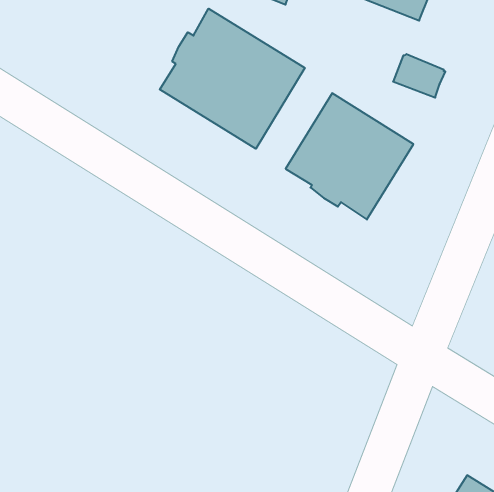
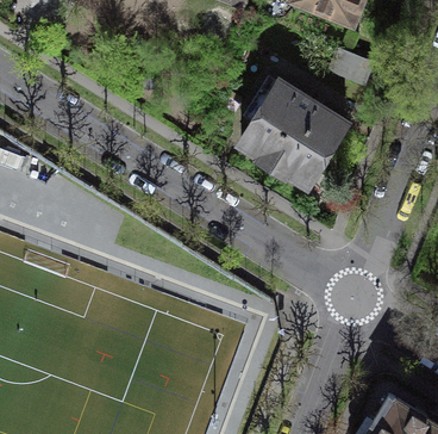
building: [160,9,305,149] -> none

